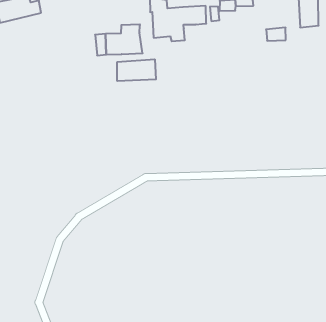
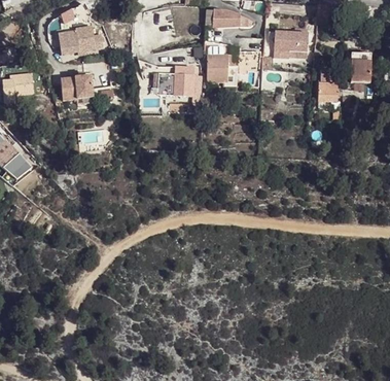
building: none -> [62,76,95,103]
building: [117,59,156,81] -> none

